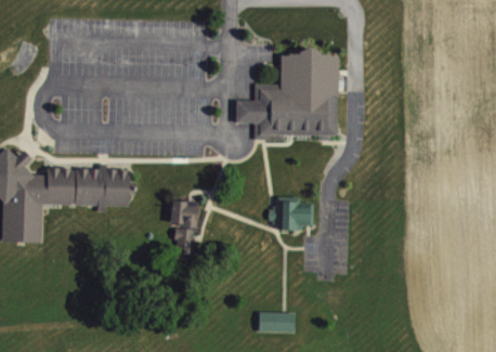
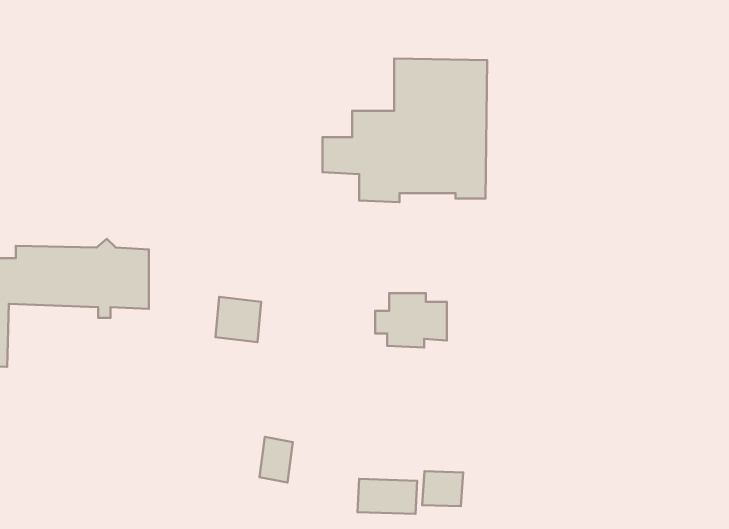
building: [173,227,194,256] -> [259,437,293,482]
building: none -> [422,471,463,506]

